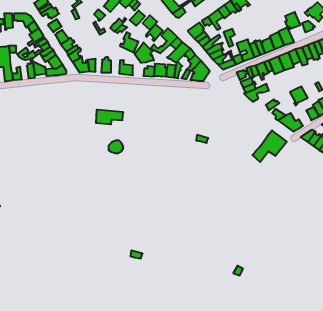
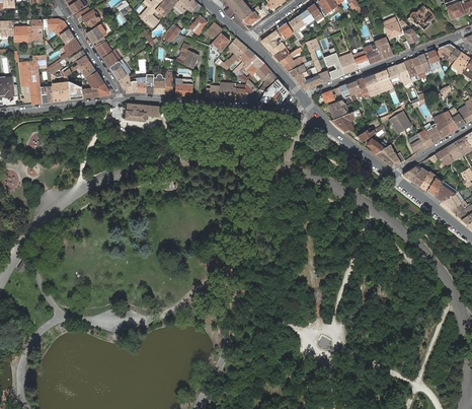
building: [135,42,154,63] -> none
building: [96,110,123,124] -> [126,103,160,121]
building: [252,130,287,162] -> none

